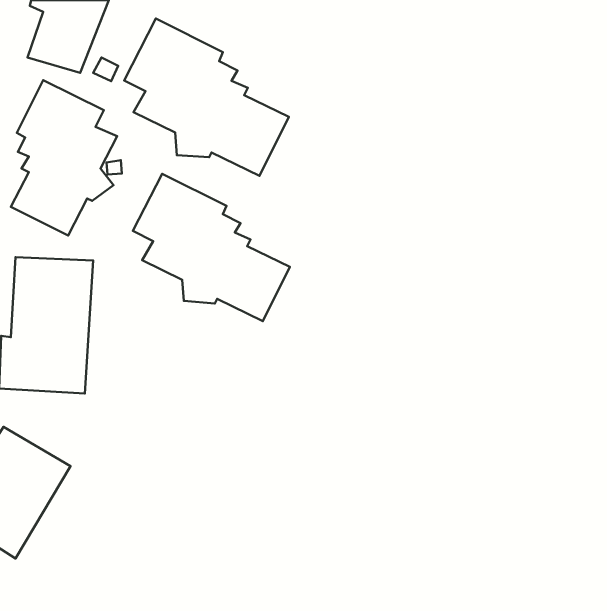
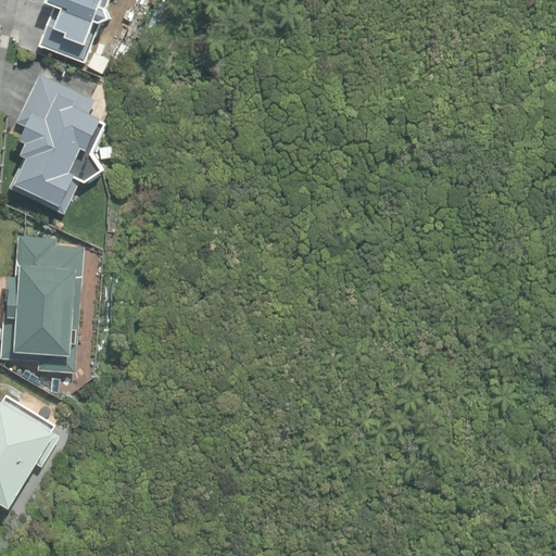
building: [124,19,289,176] -> none
building: [133,174,290,321] -> none

